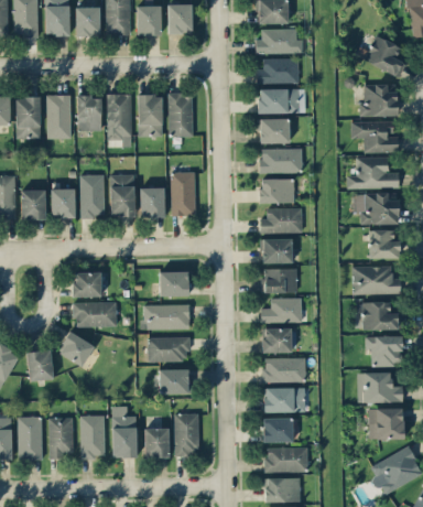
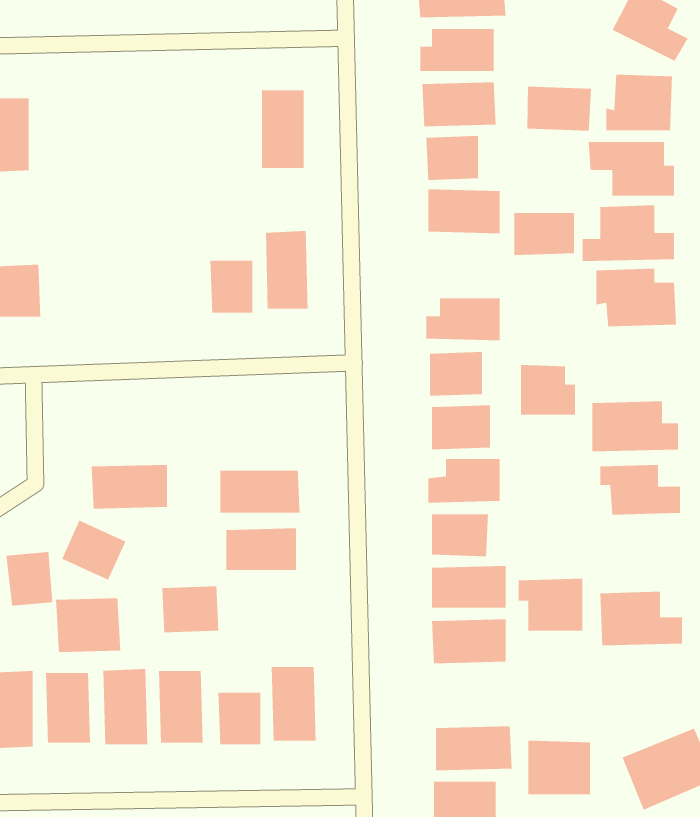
building: none -> [526,86,592,131]
building: [107,94,132,147] -> none
building: [46,95,72,139] -> none
building: [138,95,162,136] -> none
building: [77,96,101,130] -> none
building: [79,174,105,217] -> none
building: [110,174,134,215] -> none
building: [260,179,294,203] -> [513,212,575,256]
building: [51,187,75,217] -> none
building: [369,229,400,258] -> [520,364,576,416]
building: [160,271,188,295] -> none
building: [73,272,101,296] -> none
building: [366,335,402,365] -> [518,578,583,631]
building: [159,368,191,395] -> [162,586,219,633]
building: none -> [55,597,121,653]
building: [369,408,404,439] -> [528,740,591,795]
building: [263,417,293,442] -> none

